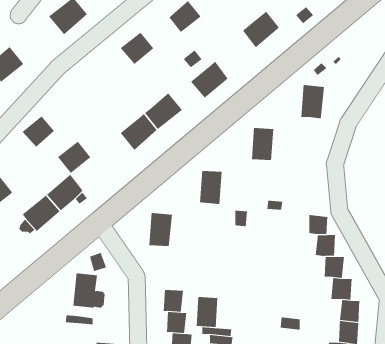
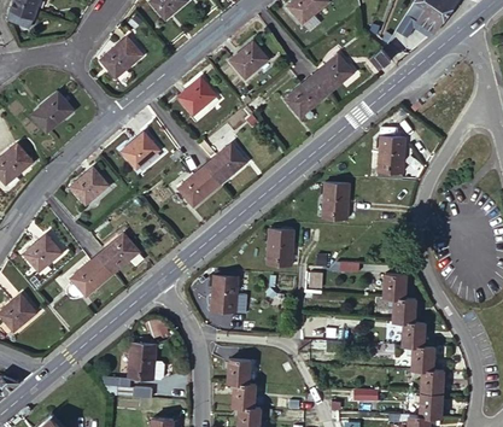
building: [190,61,229,98] -> [285,75,327,116]
building: [57,141,91,174] -> [122,131,159,168]
building: [196,296,218,328] -> none

